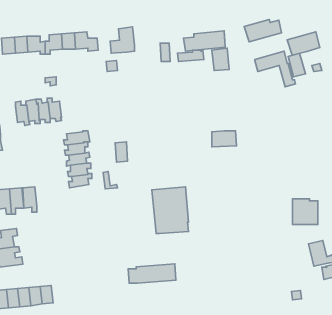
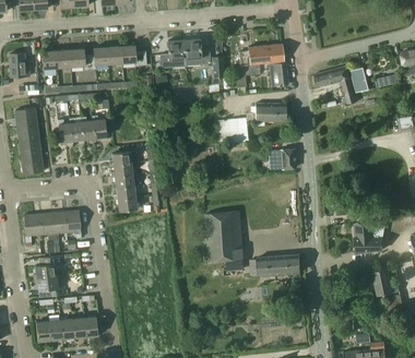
building: [244,20,282,42] -> none
building: none -> [183,38,211,65]
building: [287,32,320,55] -> none
building: none -> [256,104,286,121]
building: none -> [217,118,248,144]
building: [128,264,176,283] -> [249,254,300,275]

